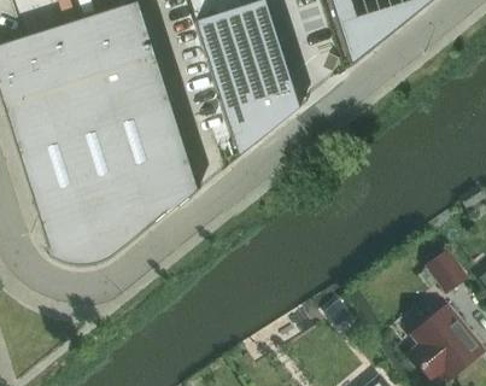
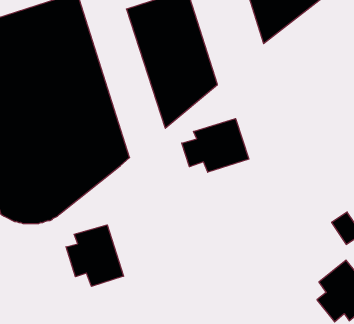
building: none -> [182,119,249,172]
building: none -> [66,225,124,286]

